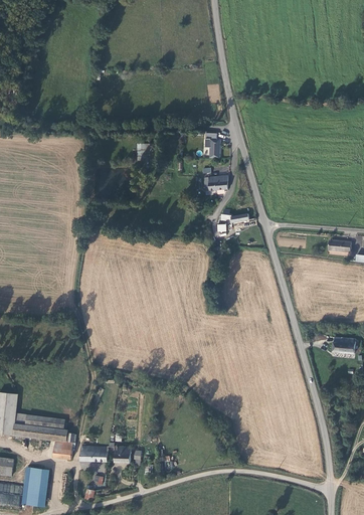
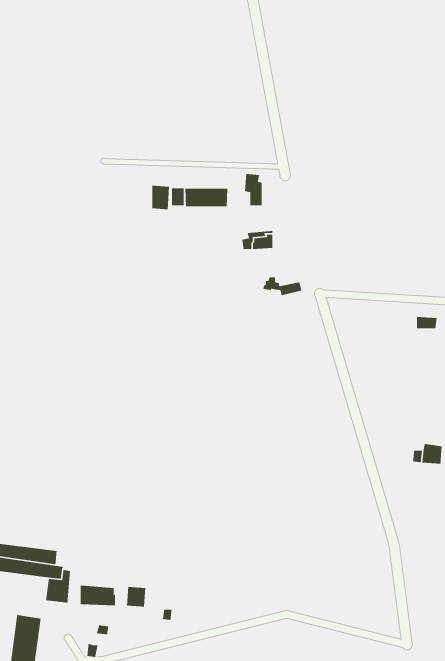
building: none -> [185,188,228,207]

